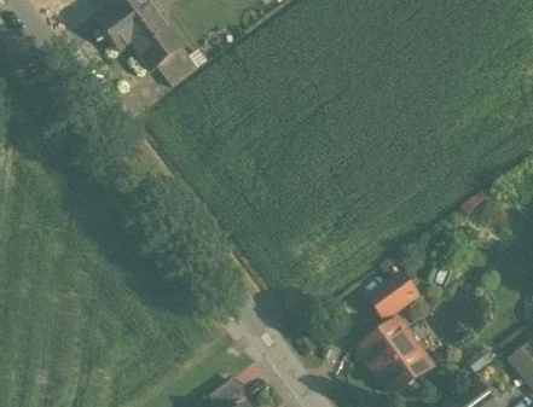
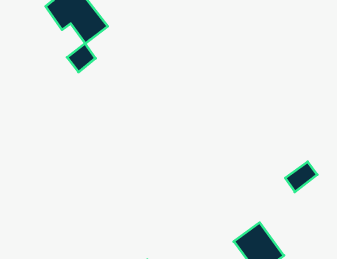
building: [158,46,198,86] -> [67,44,96,72]
building: [370,274,415,316] -> [285,162,317,192]

